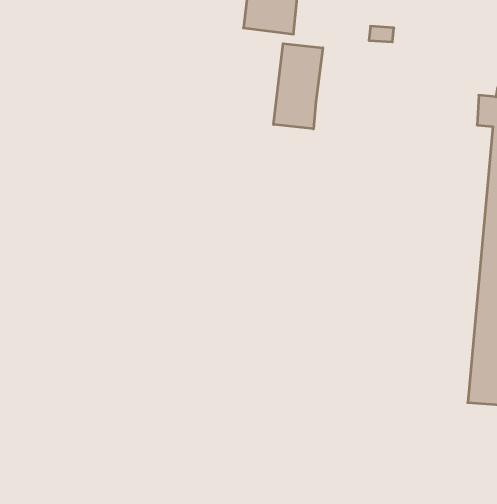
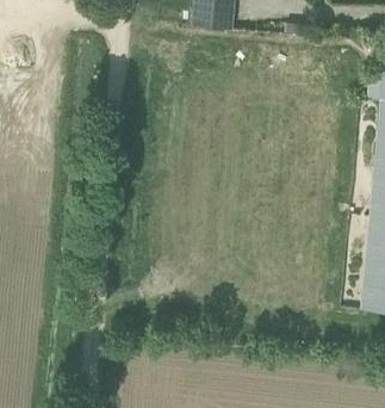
building: [274,44,323,129] -> none

